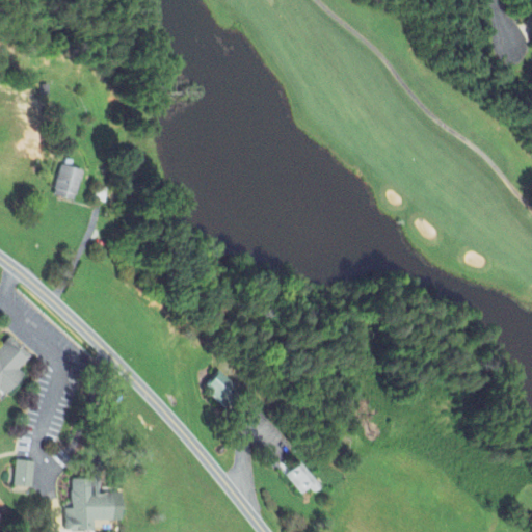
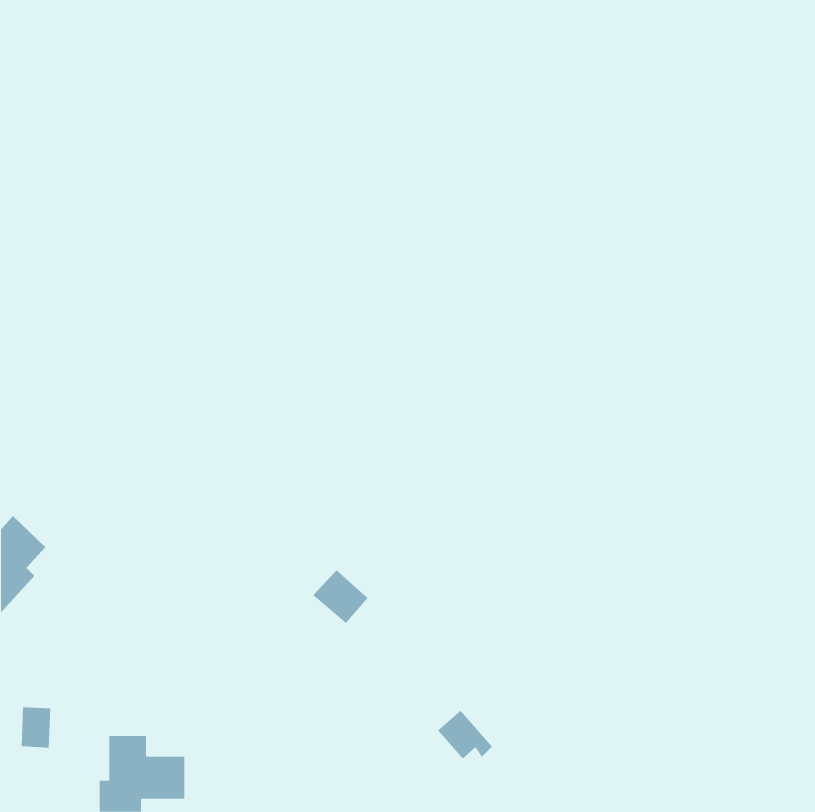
building: [53,166,81,201] -> none

